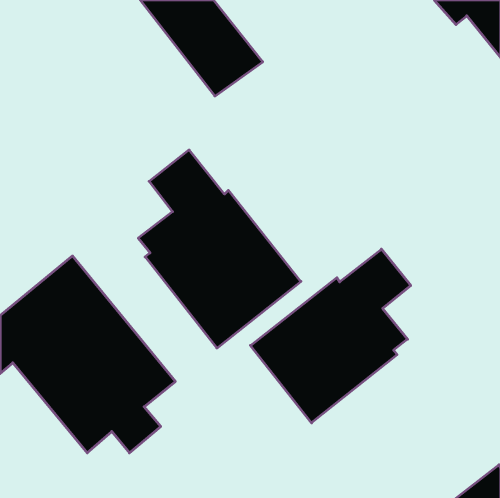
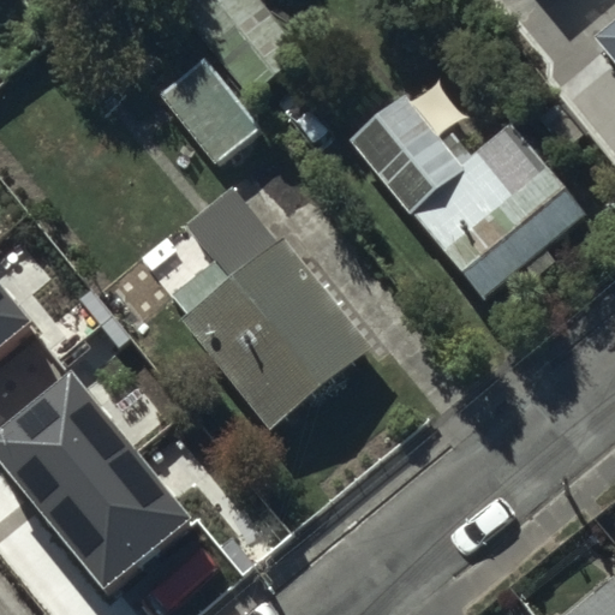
building: none -> [348,96,586,298]
building: [250,249,411,423] -> none

